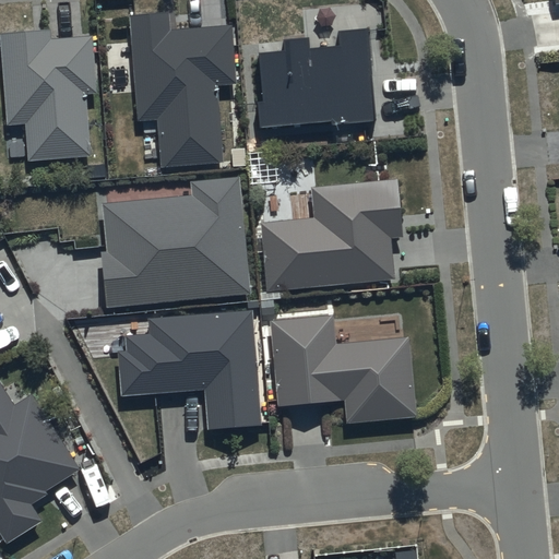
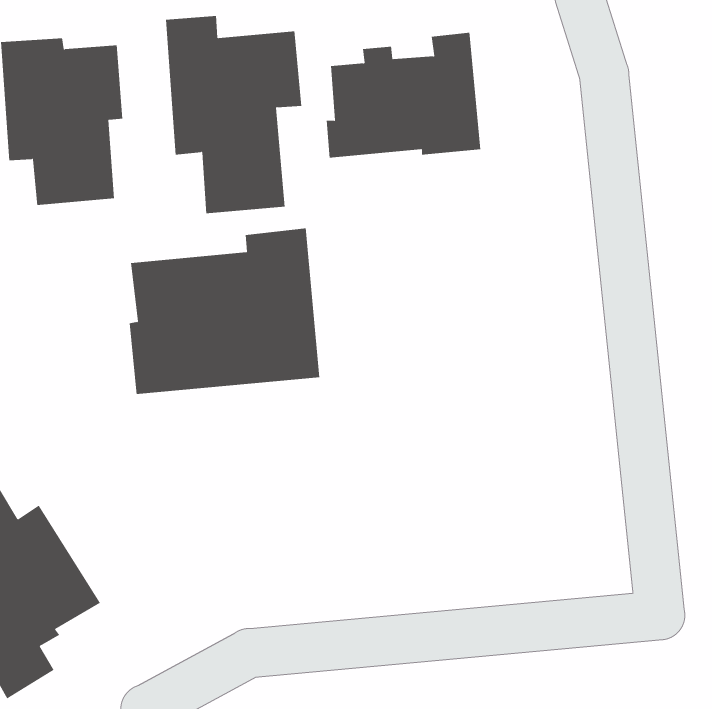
building: [261,179,402,290] -> none
building: [117,311,260,430] -> none
building: [269,316,416,424] -> none

